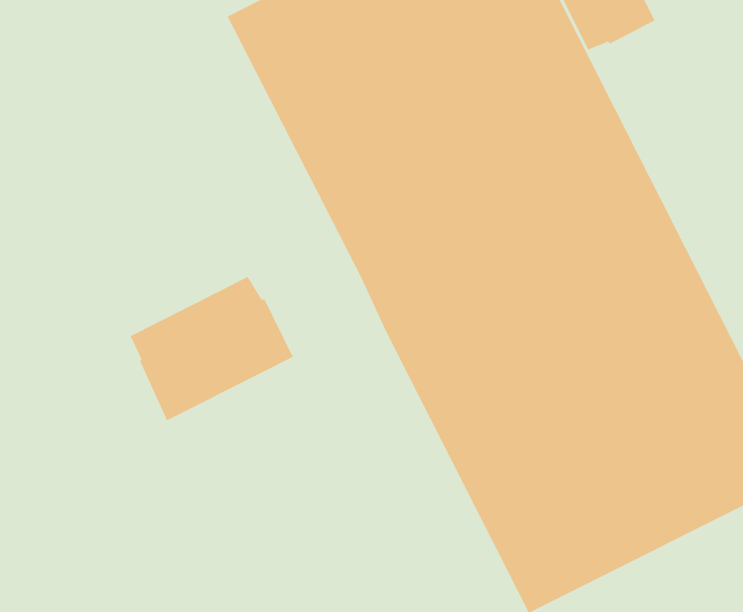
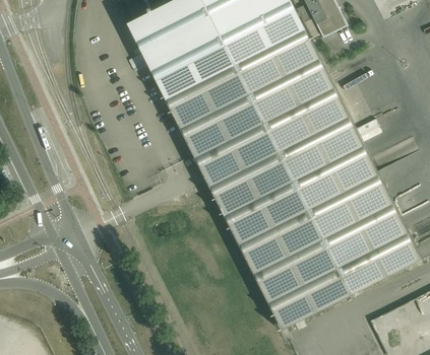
building: [130,276,293,421] -> none

